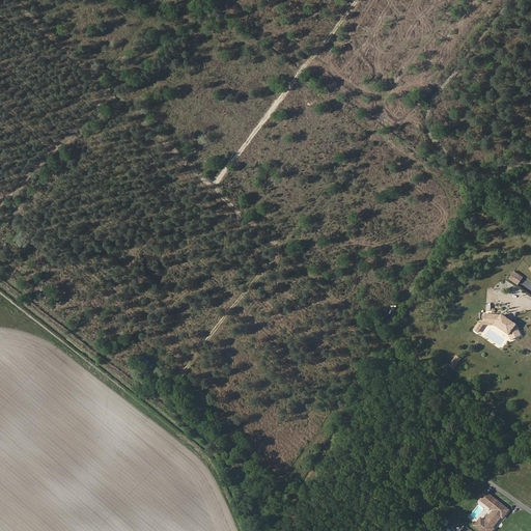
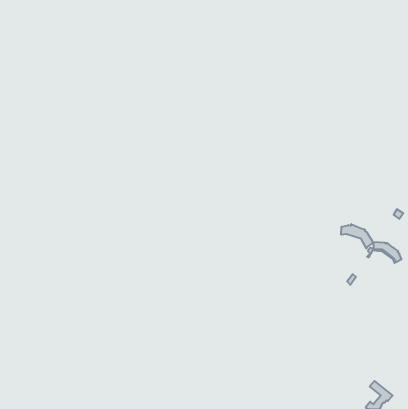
building: none -> [341,224,373,249]

